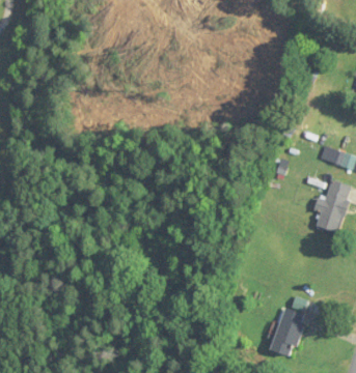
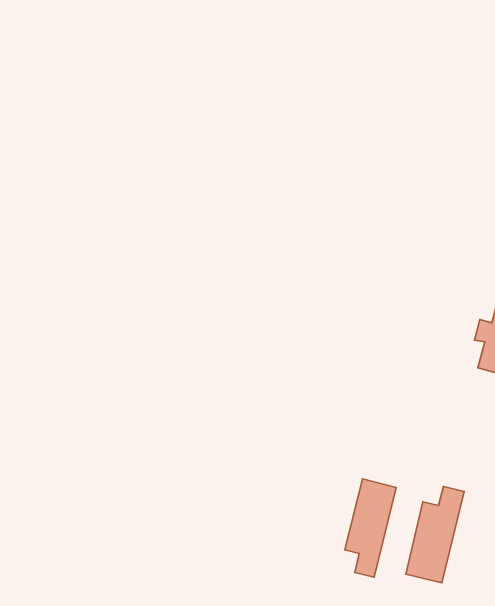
building: none -> [345,479,396,577]

